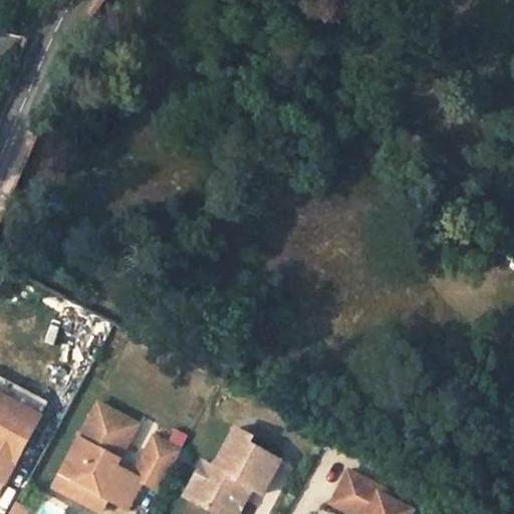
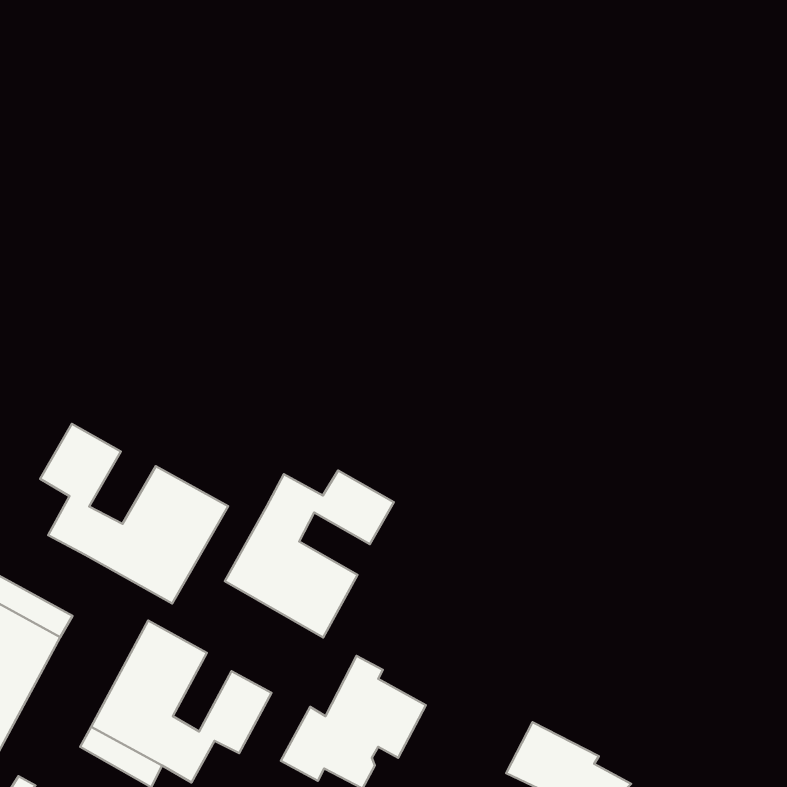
building: none -> [40,424,228,603]
building: none -> [225,470,394,637]

